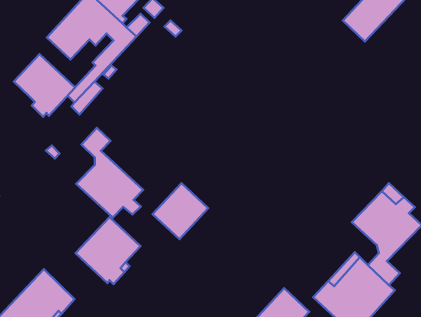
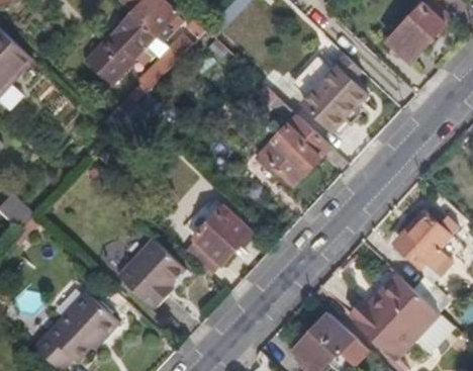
building: none -> [296,51,363,126]
building: [14,54,75,117] -> none
building: none -> [247,78,330,185]
building: [76,128,143,218] -> none

